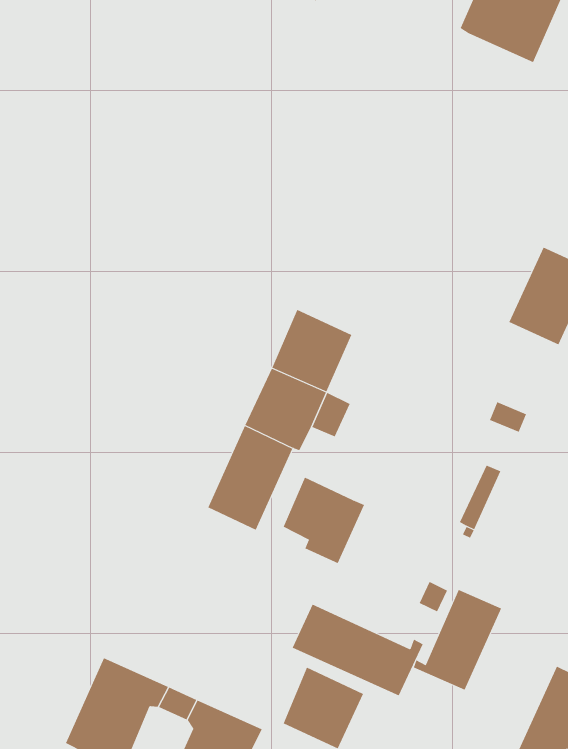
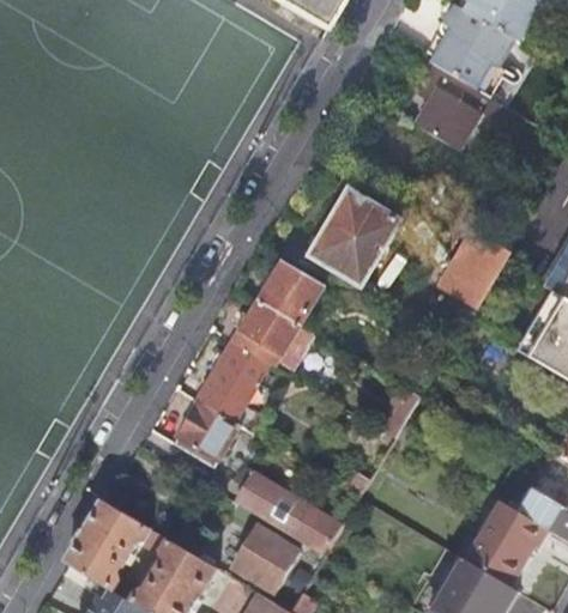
building: none -> [413,65,500,148]
building: none -> [308,188,397,283]
building: [283,477,365,564] -> [177,399,241,467]
building: [413,589,502,690] -> none

